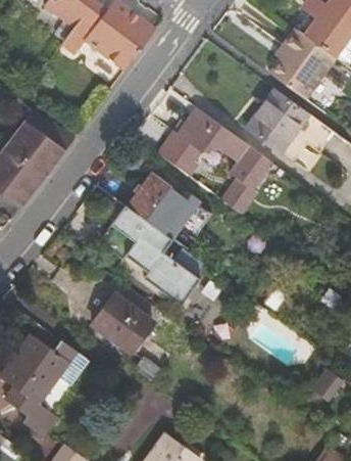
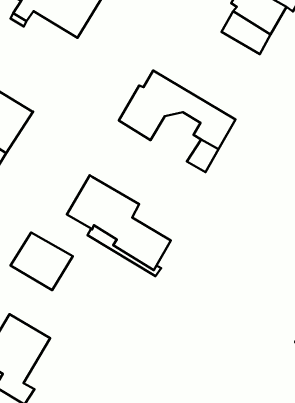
building: [246,87,308,151] -> none
building: [127,172,216,238] -> none
building: [90,293,152,353] -> [11,232,73,290]

